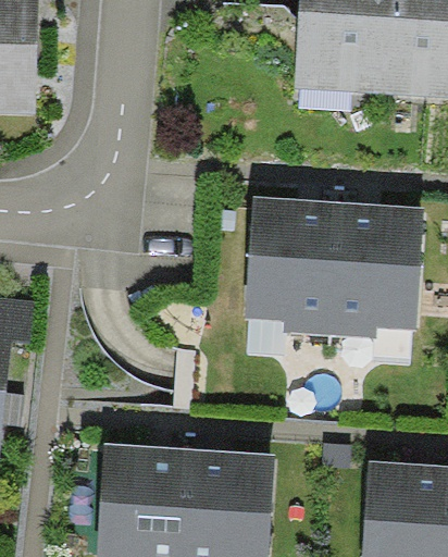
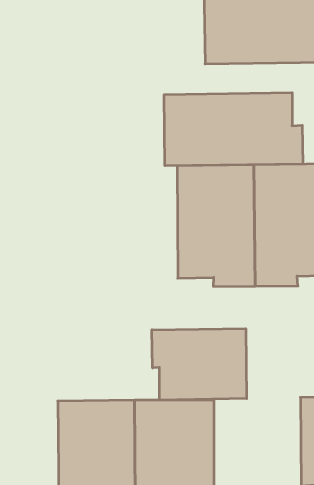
building: none -> [164,93,303,166]
building: none -> [152,329,247,400]

